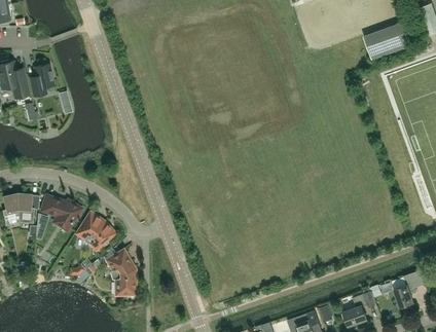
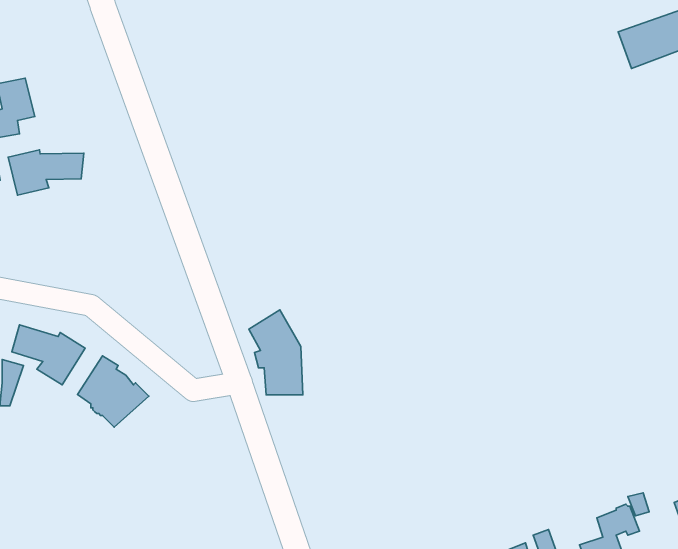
building: none -> [8,150,84,195]
building: [107,249,136,294] -> [249,310,303,395]

